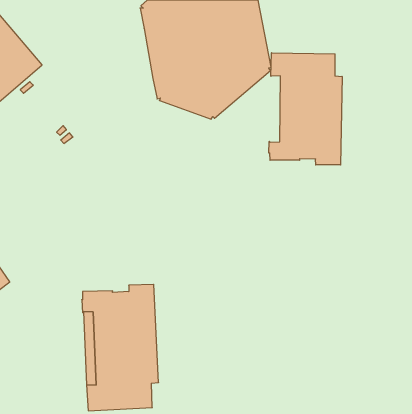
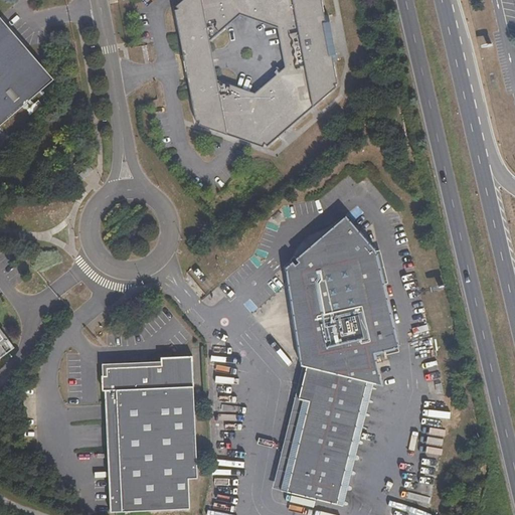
building: [269,53,342,165] -> none
building: none -> [278,211,395,502]

